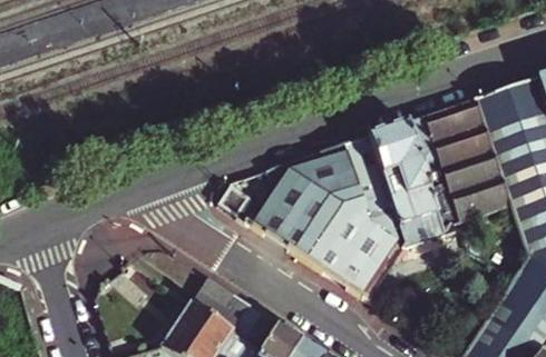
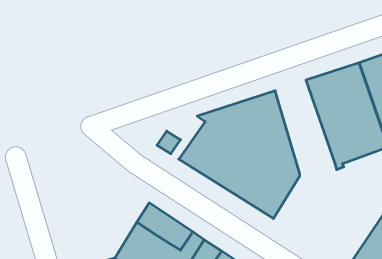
building: [372,120,448,239] -> none

